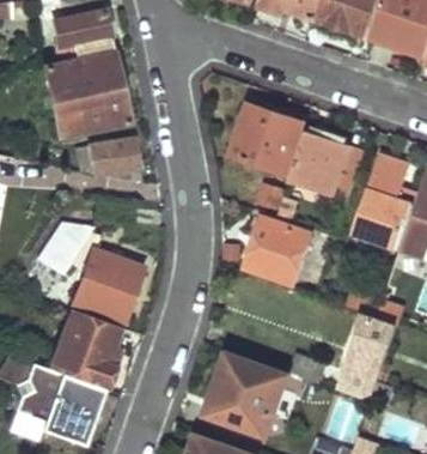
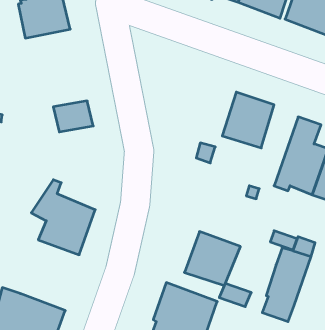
building: [39,50,126,134] -> none
building: [232,102,305,174] -> none
building: [245,218,312,283] -> [184,232,240,285]
building: [42,222,91,271] -> none
building: [49,310,127,388] -> none

